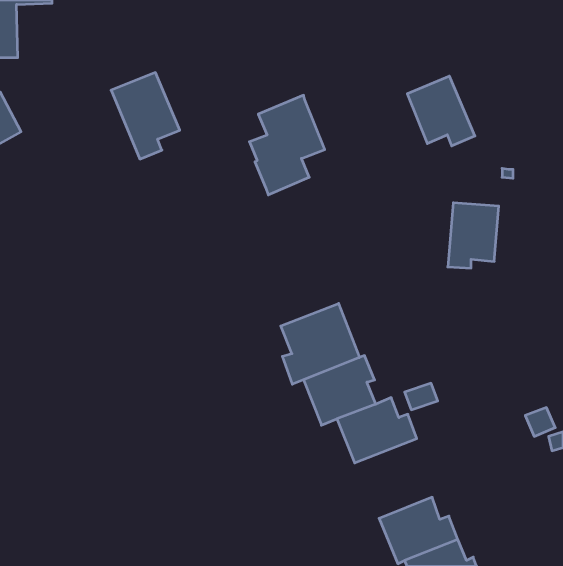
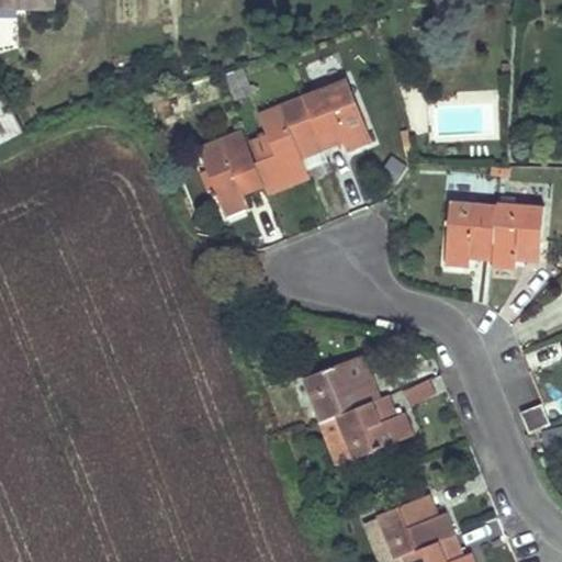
building: [111,73,180,159] -> [195,130,263,215]
building: [407,76,475,146] -> [302,81,369,150]
building: none -> [488,201,542,268]
building: [281,303,359,384] -> none

